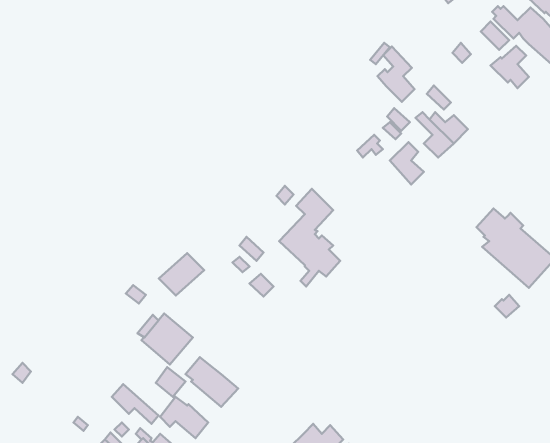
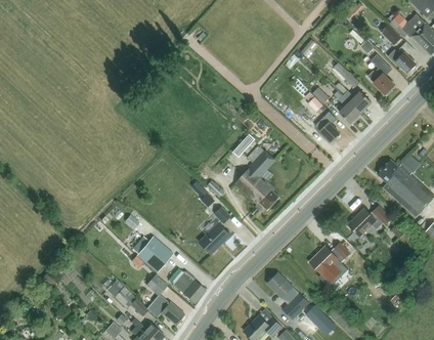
building: [378,47,415,102] -> [367,54,394,94]
building: [159,253,204,296] -> [199,223,231,254]
building: none -> [347,206,391,237]
building: none -> [308,243,349,274]
building: none -> [266,272,324,325]

